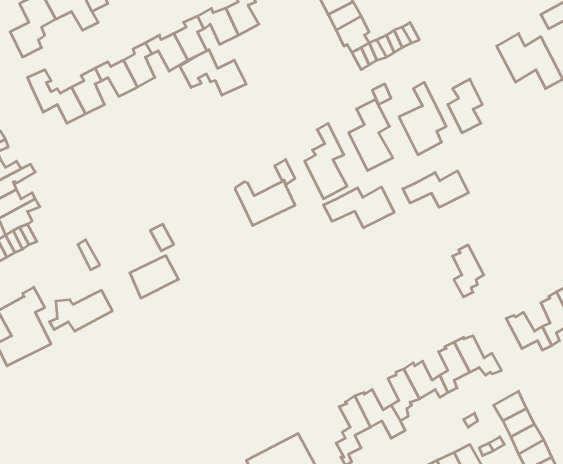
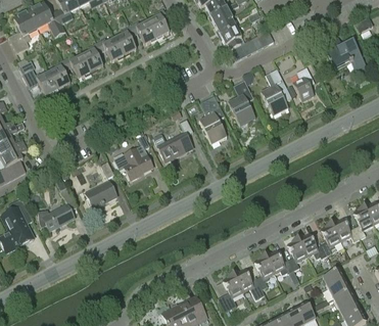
building: [180,50,246,95] -> none
building: [403,171,468,207] -> none
building: none -> [113,129,153,179]
building: [323,187,394,228] -> none
building: [452,245,484,297] -> [320,222,340,255]

